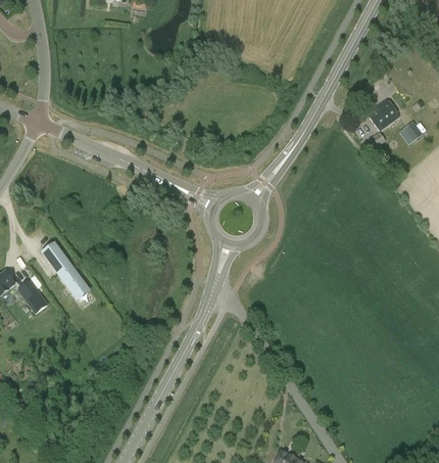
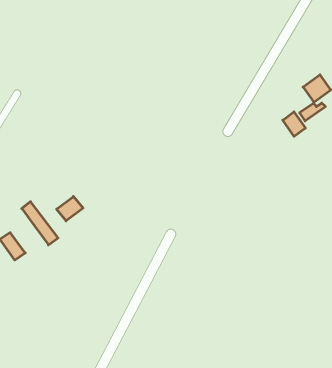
building: none -> [283,112,305,136]
building: none -> [57,196,83,221]

